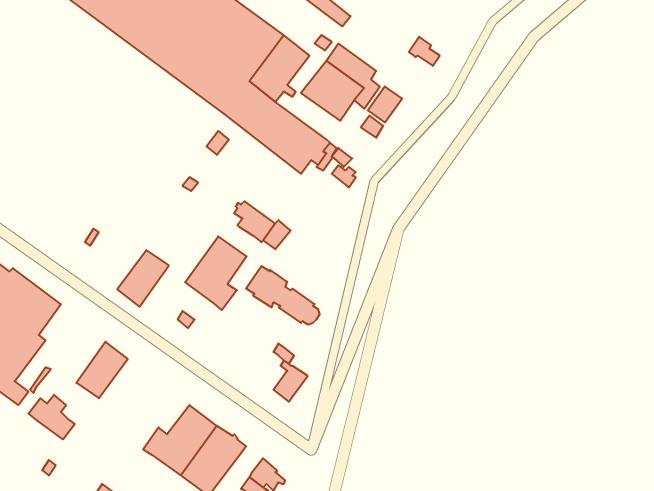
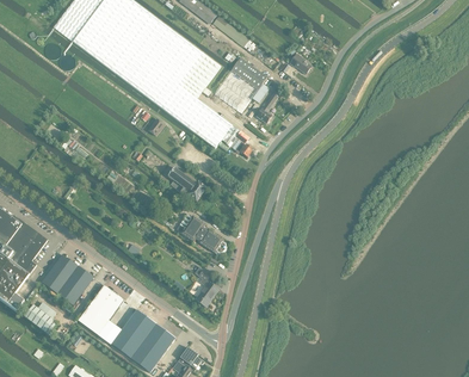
building: [185,236,247,310] -> none
building: [117,250,169,307] -> [42,254,78,293]
building: none -> [78,285,124,340]

